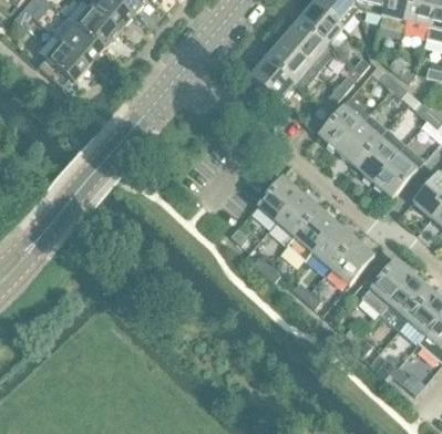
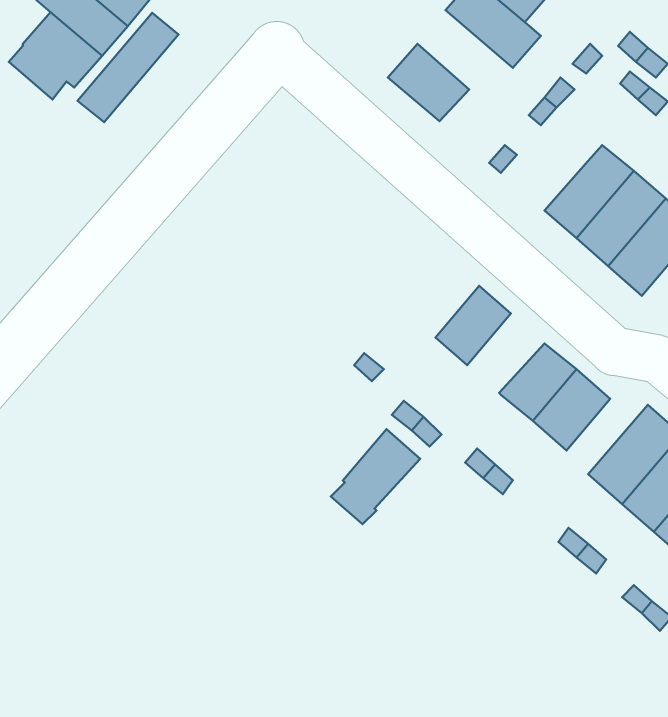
building: [266,37,319,87] -> none
building: none -> [77,13,179,122]
building: [318,95,369,148] -> none
building: [257,175,300,219] -> none
building: [287,206,337,259] -> [331,429,420,524]

